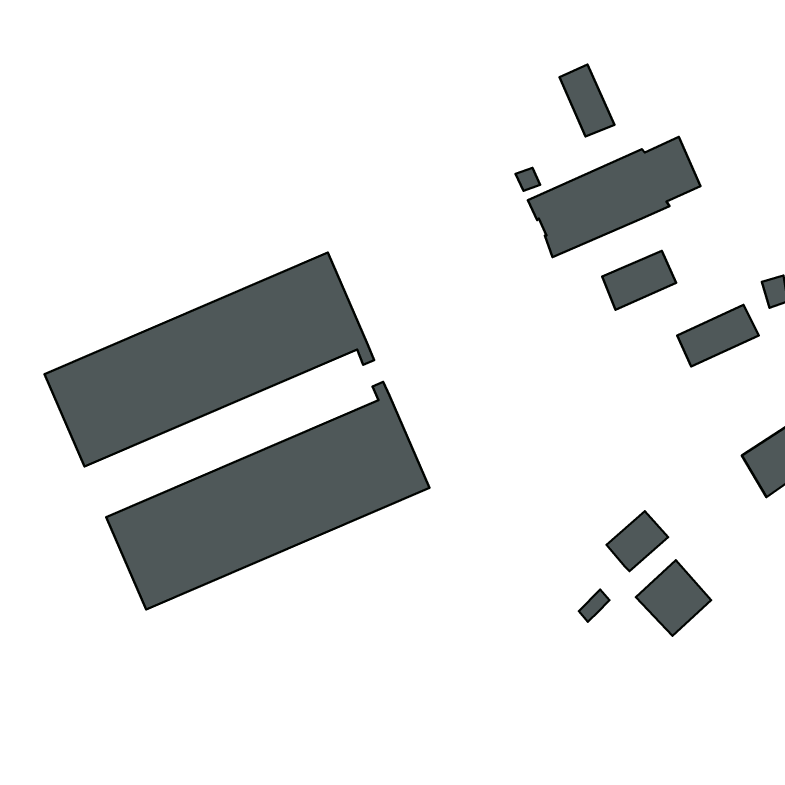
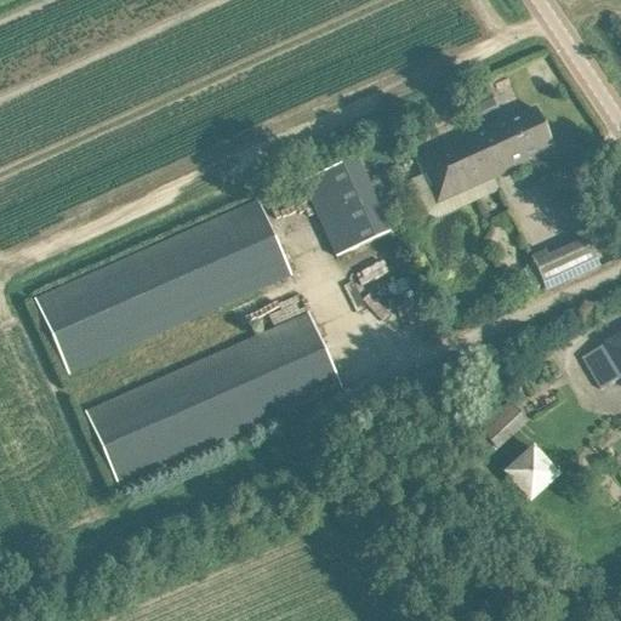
building: [560,65,614,137] -> none
building: none -> [304,156,391,255]
building: [602,251,676,310] -> none

